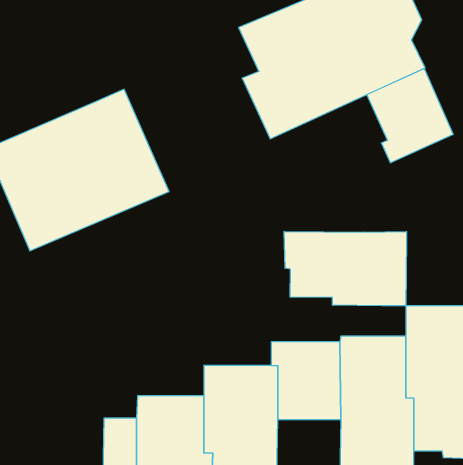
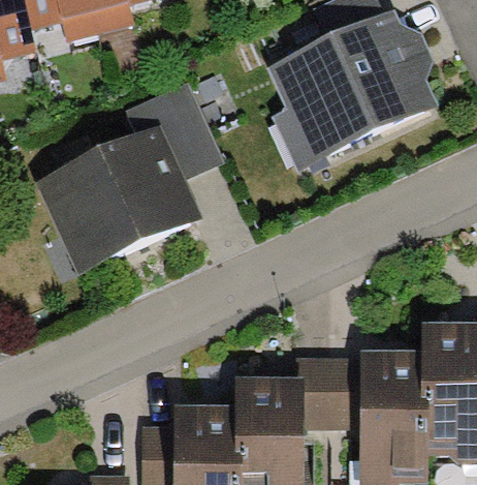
building: none -> [125,83,224,179]
building: [367,68,453,163] -> none
building: [284,231,406,306] -> none

